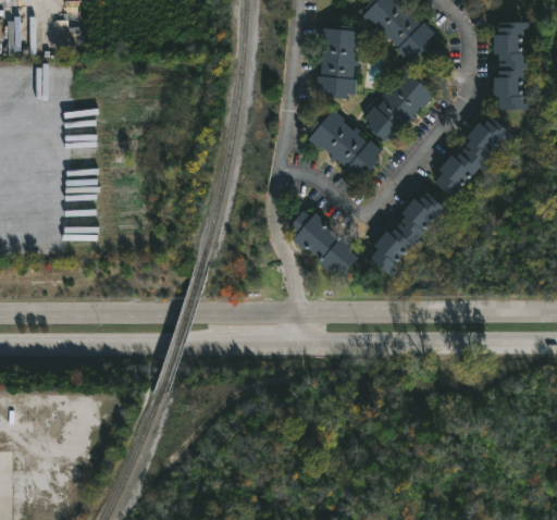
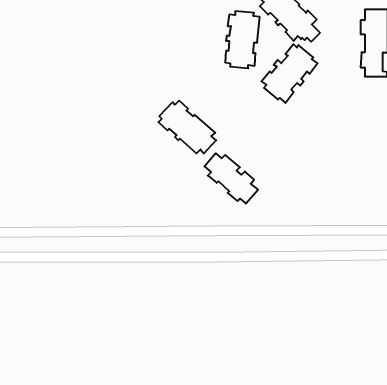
building: [308,110,384,179] -> [158,101,216,153]
building: [434,116,513,199] -> none
building: [369,193,445,278] -> none

